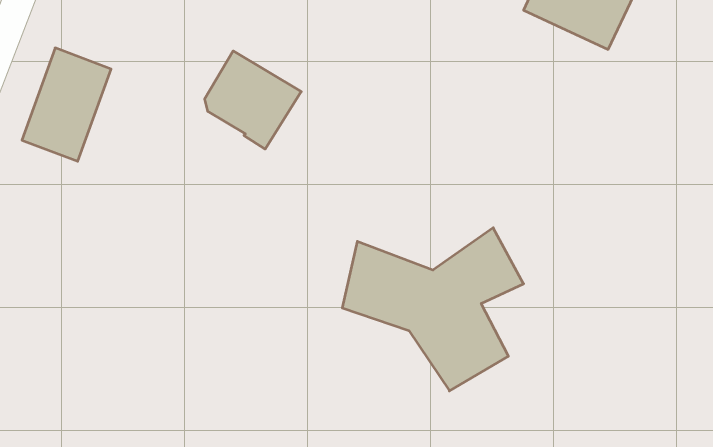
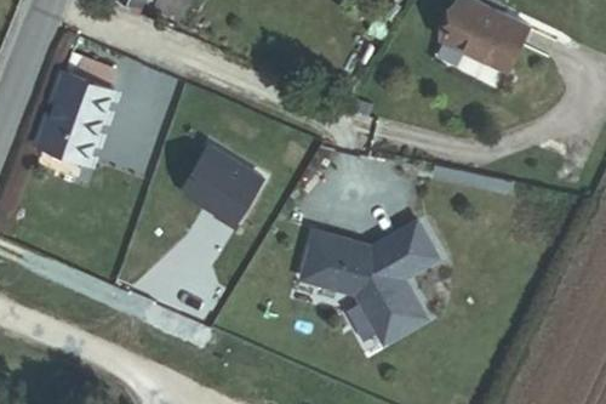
building: [205,51,301,149] -> [185,147,263,226]

